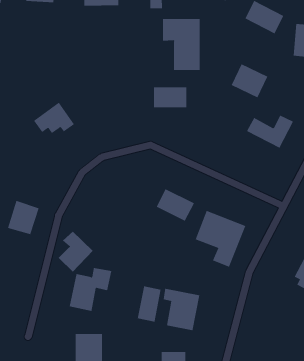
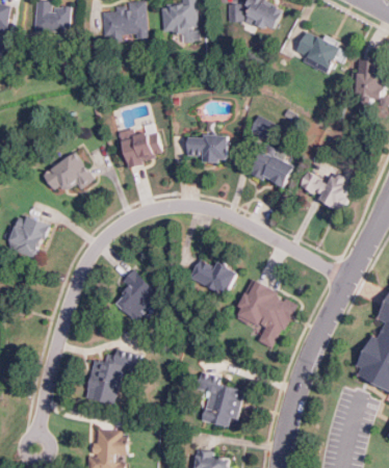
building: [162,18,200,71] -> none
building: [231,63,268,98] -> [250,148,294,189]
building: none -> [120,130,161,166]
building: [7,200,39,235] -> [8,215,47,257]
building: [58,231,94,273] -> [114,270,157,320]
building: [137,286,161,322] -> none

